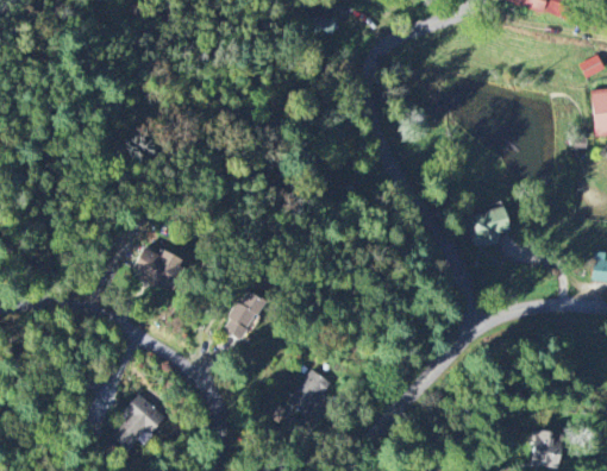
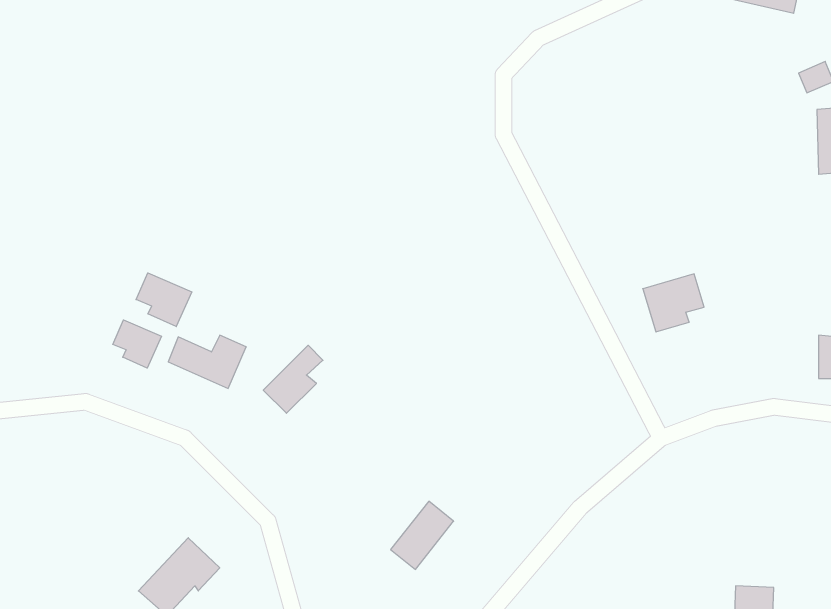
building: none -> [136,273,192,327]
building: none -> [113,320,161,368]
building: [221,293,264,341] -> [263,345,323,413]

